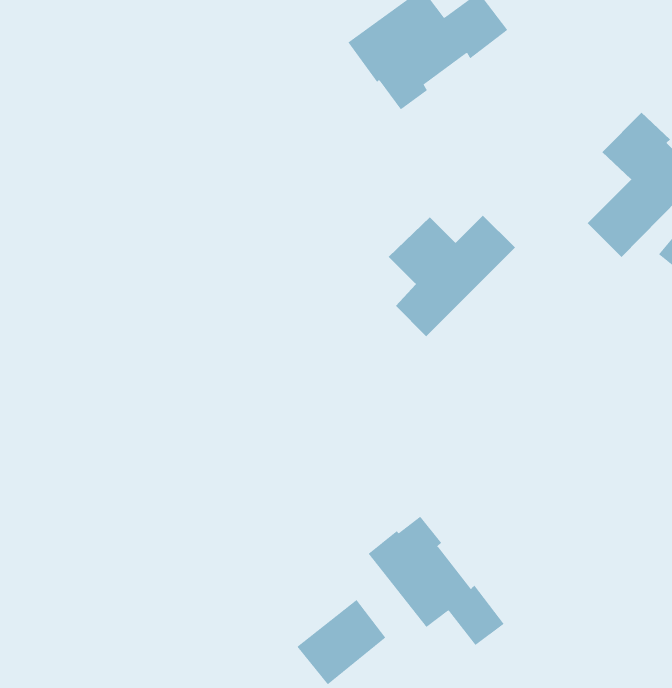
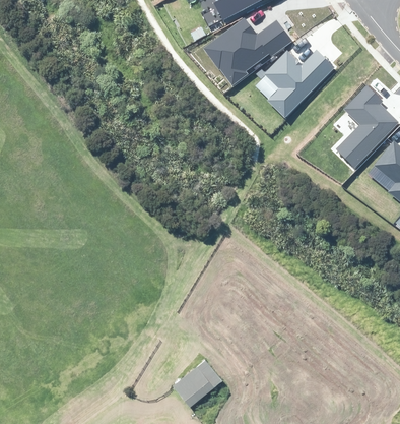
building: [388,215,516,337] -> [263,50,334,118]
building: [368,516,505,646] -> none

